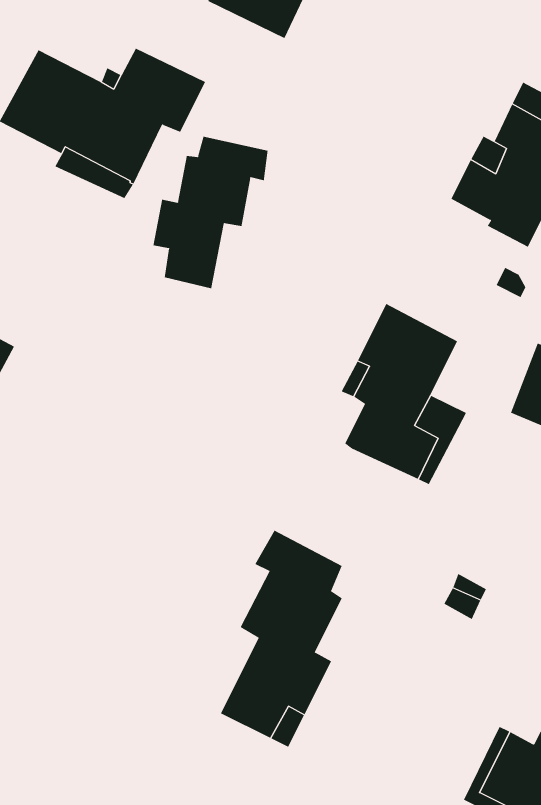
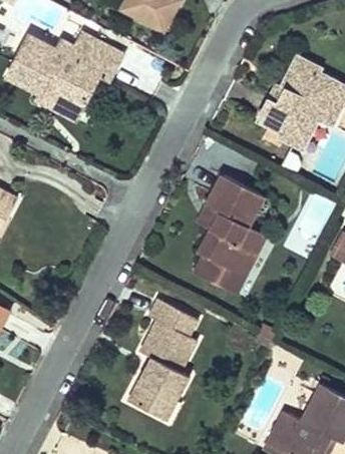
building: [153,136,268,289] -> none
building: none -> [194,255,240,291]

